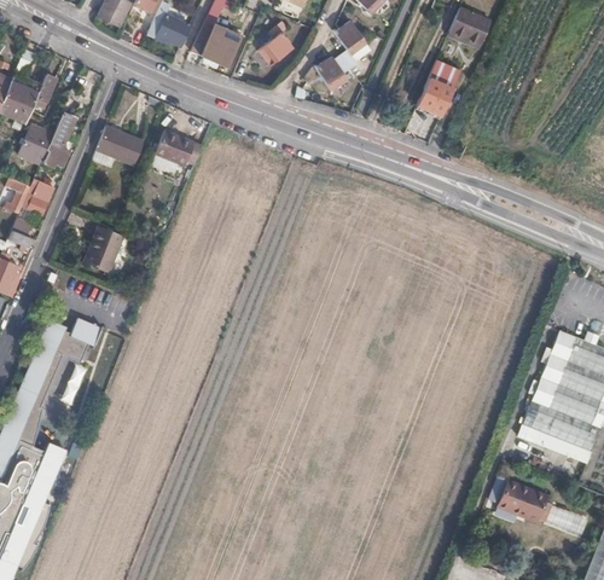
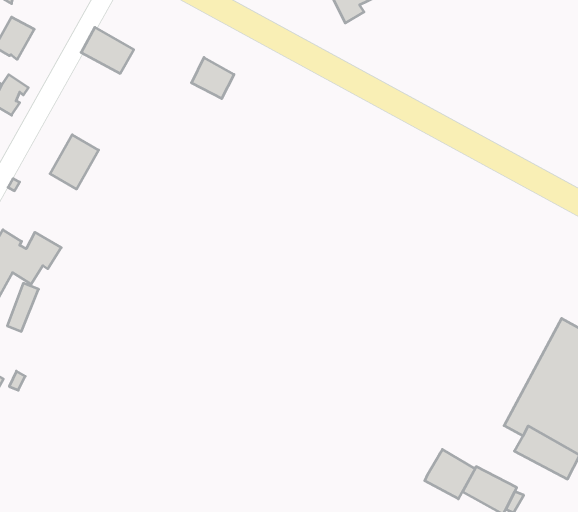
building: [419,64,461,115] -> none
building: [46,114,79,166] -> none
building: [156,129,193,164] -> [191,57,234,99]
building: none -> [425,449,475,499]

